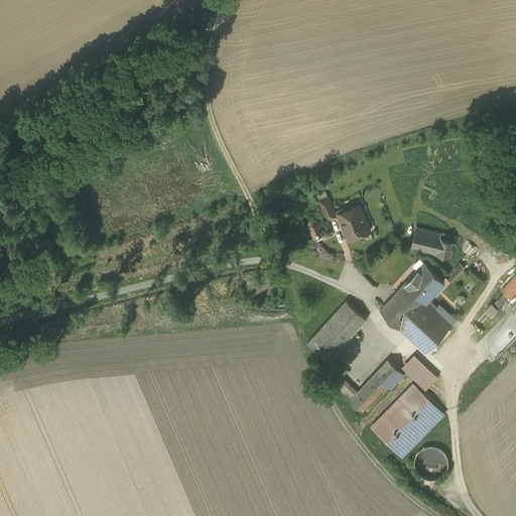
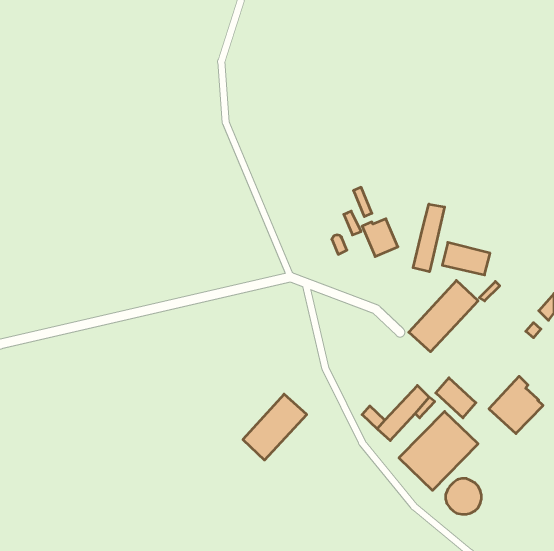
building: none -> [413,204,445,272]
building: [400,299,450,353] -> [489,376,543,434]
building: [307,301,367,363] -> [243,394,307,460]

